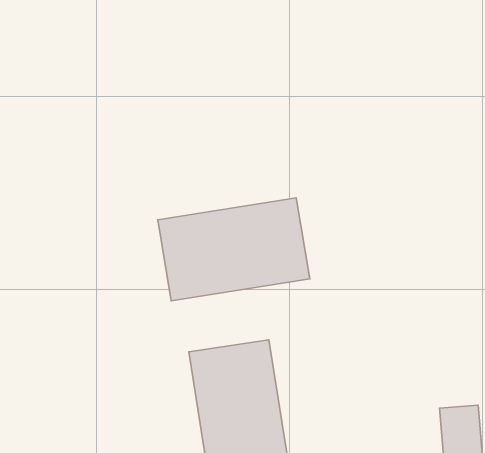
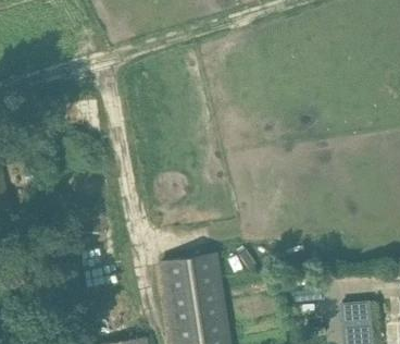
building: [158,198,310,301] -> none

